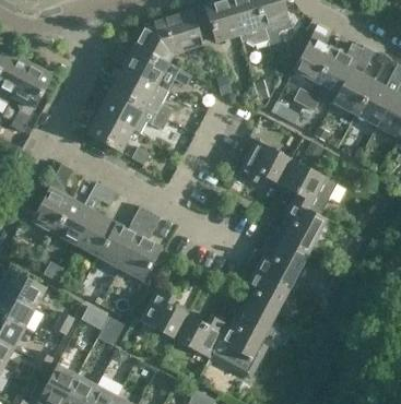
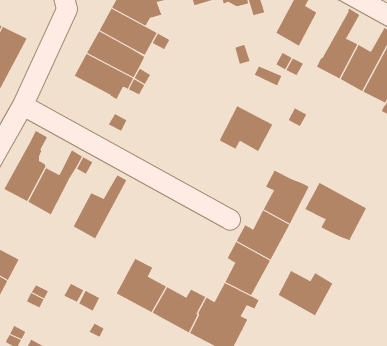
building: [316,43,362,93] -> none
building: [86,110,133,152] -> none
building: [276,157,337,214] -> [305,182,367,241]
building: [76,211,115,256] -> none
building: [119,211,161,281] -> none
building: none -> [278,270,333,316]

